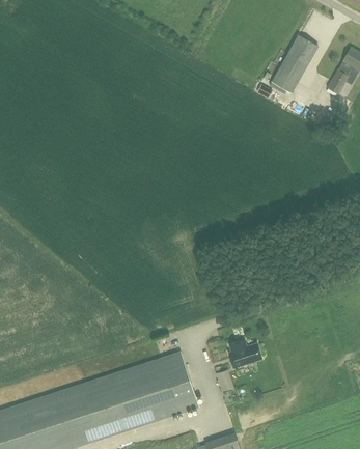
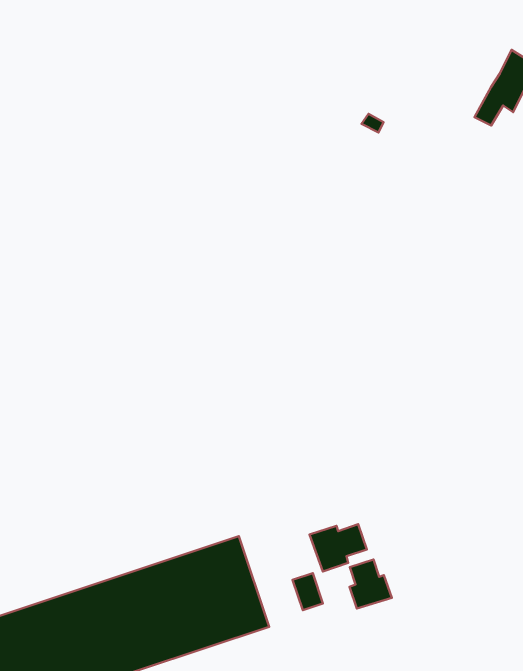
building: [271,37,317,94] -> none
building: none -> [350,559,392,609]

